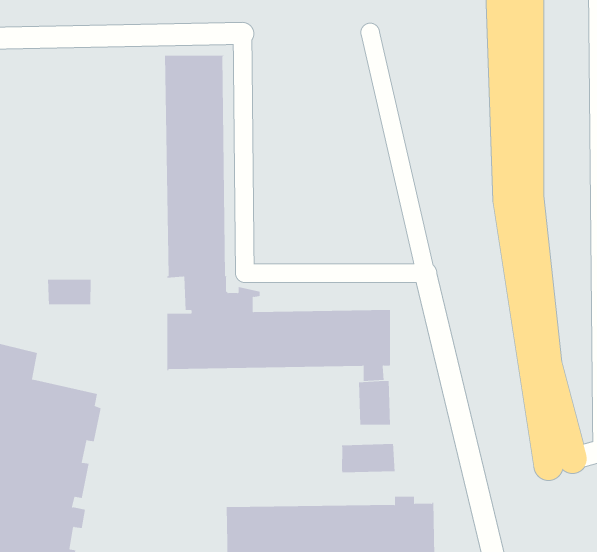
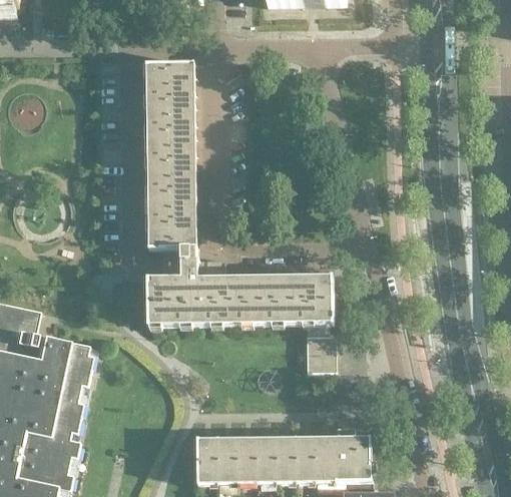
building: [48,279,91,305] -> none
building: [341,443,395,473] -> none

